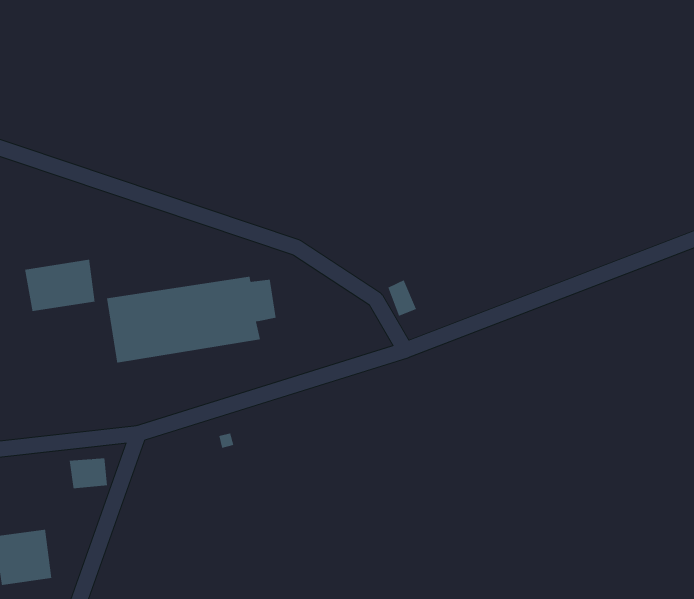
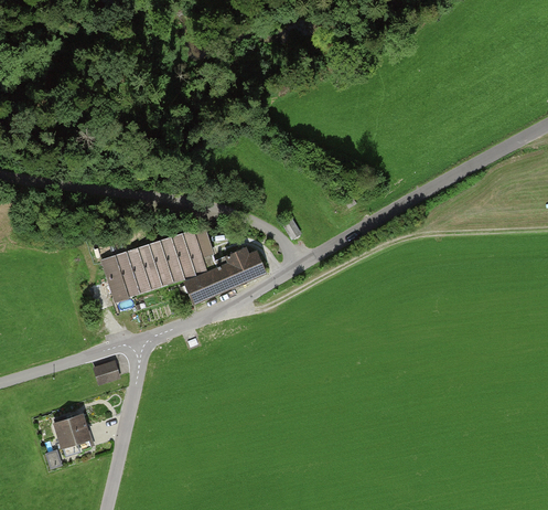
building: [24,259,95,312] -> none
building: none -> [184,247,266,305]

